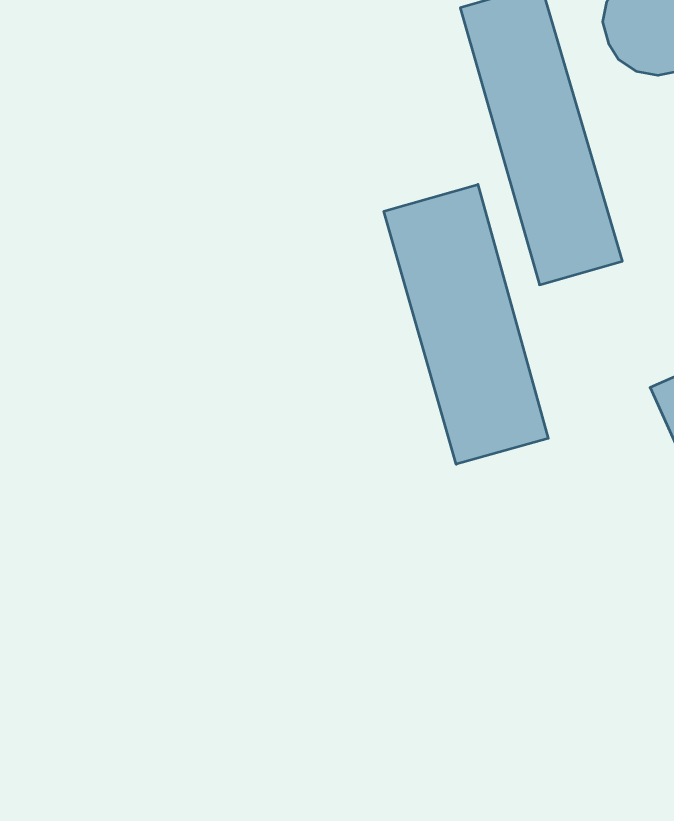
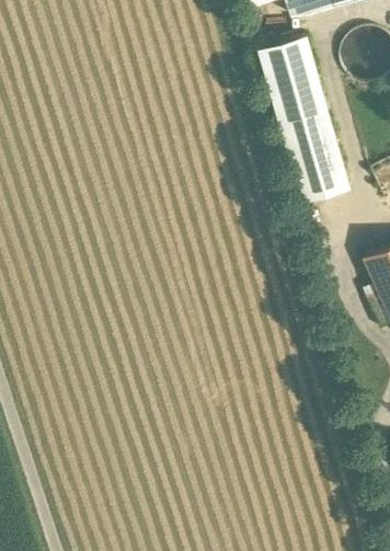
building: [384,184,548,464] -> none

